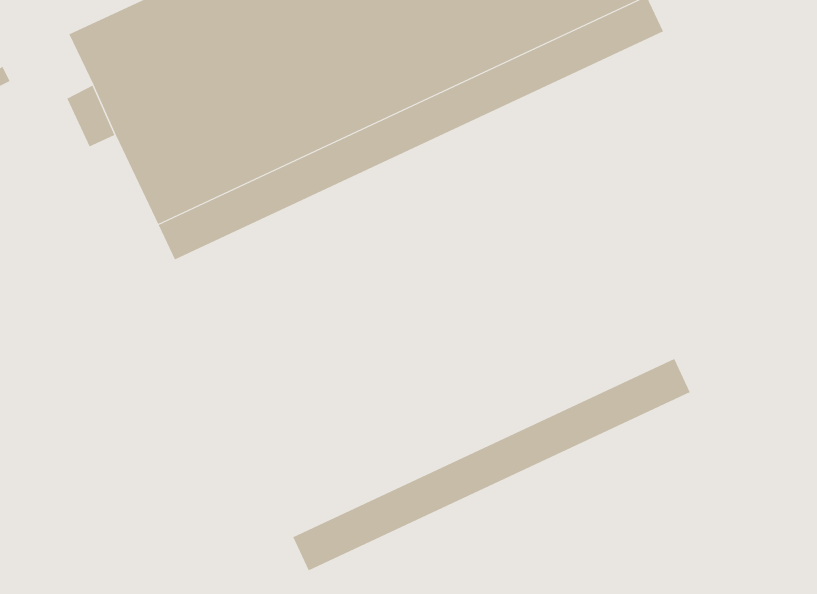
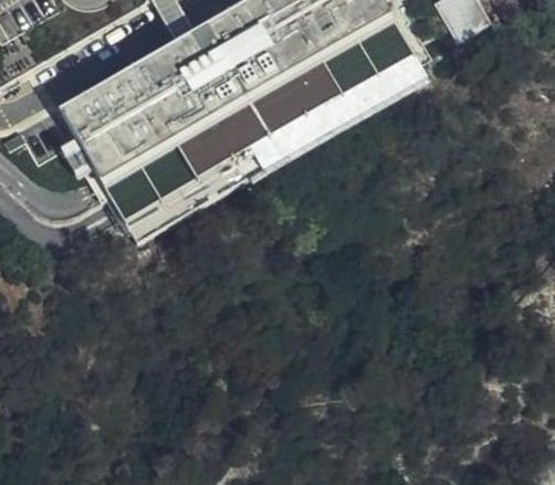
building: [292,358,690,571] -> none

